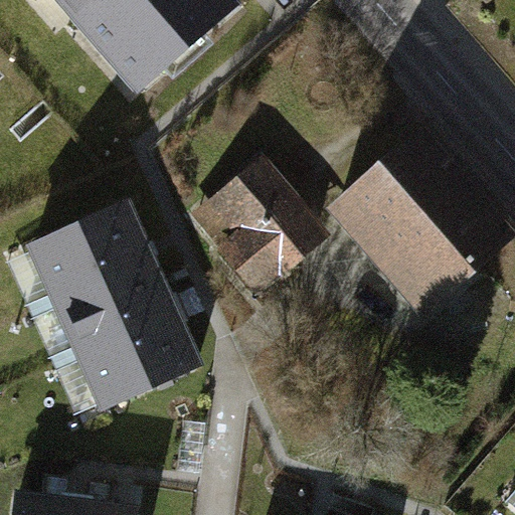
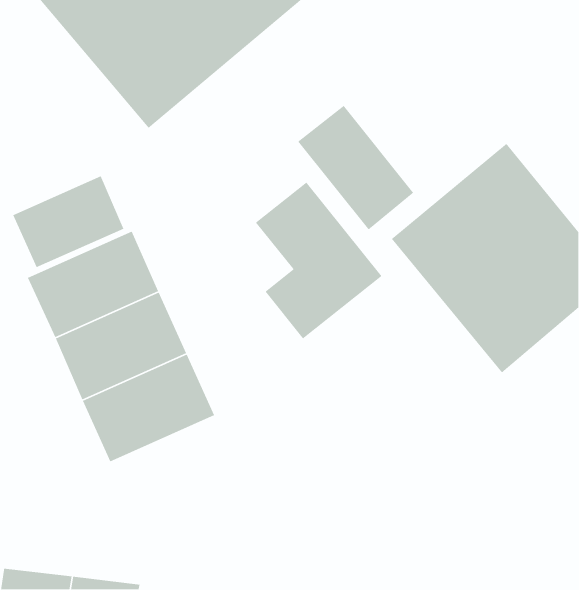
building: none -> [297,105,414,230]
building: none -> [12,175,124,268]

